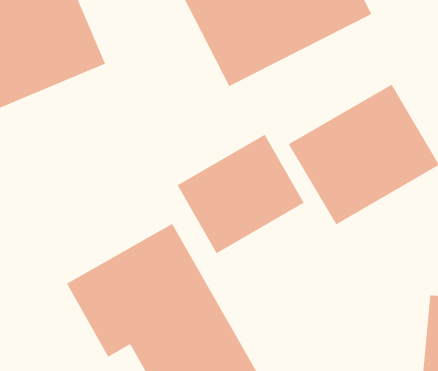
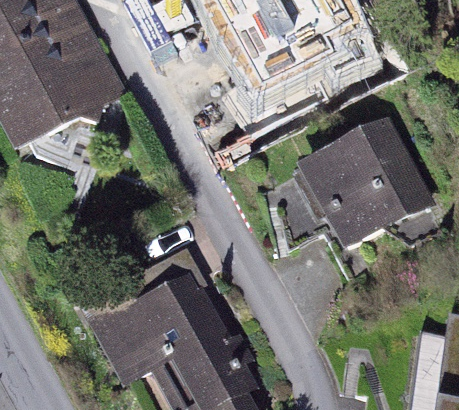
building: [177,134,304,254] -> none

